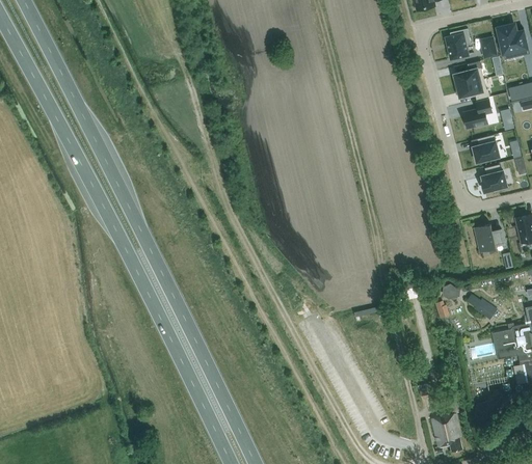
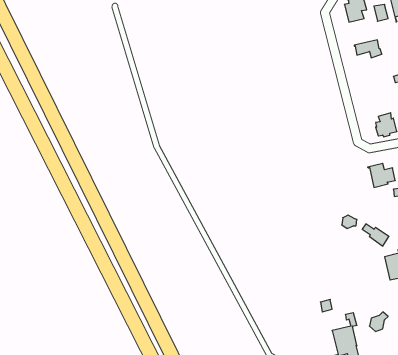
building: [454,61,483,86] -> none
building: [462,101,491,129] -> none
building: [473,136,499,163] -> none

